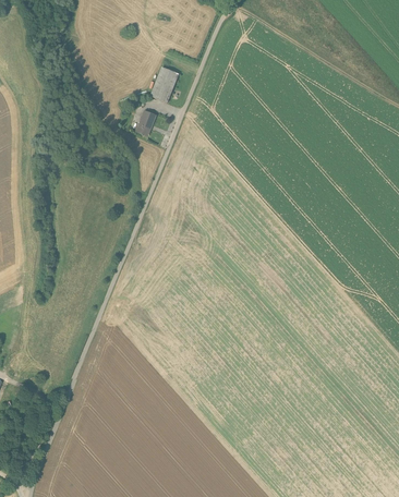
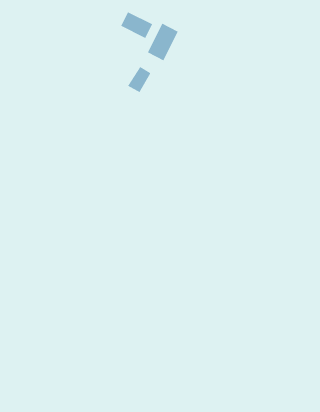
building: none -> [121,11,153,39]

